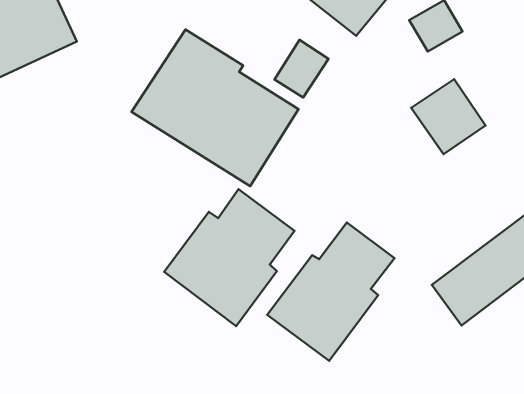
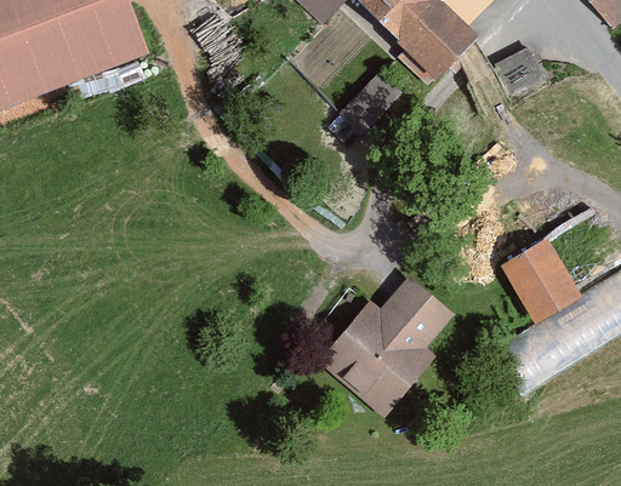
building: [131,29,299,186] -> none
building: [411,79,486,154] -> [501,239,579,318]
building: [164,189,295,326] -> none

